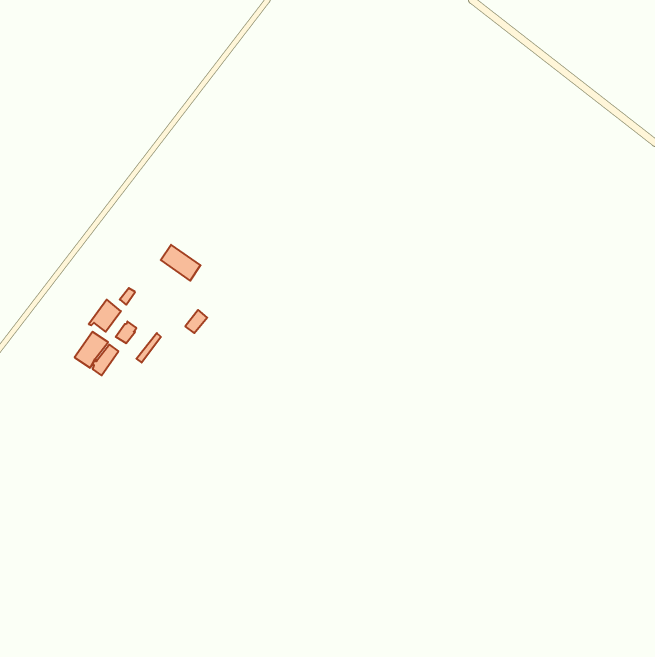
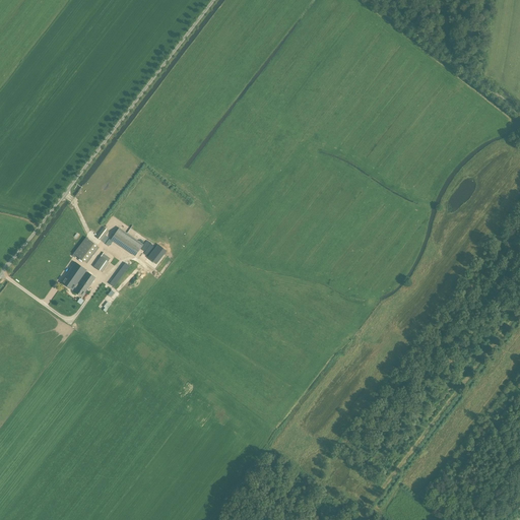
building: [161,245,201,281] -> [110,228,141,256]

